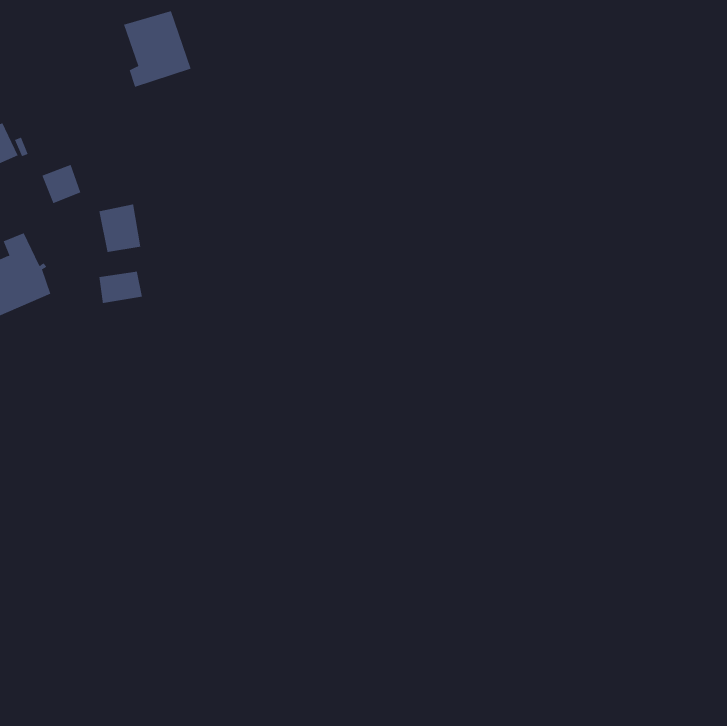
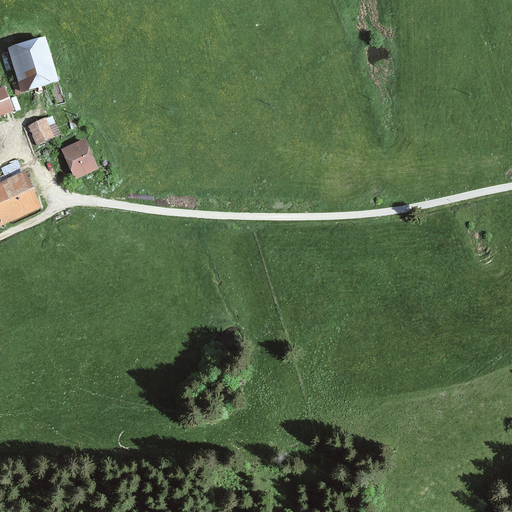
building: [123,10,192,87] -> [7,39,55,93]
building: [99,271,143,304] -> none

